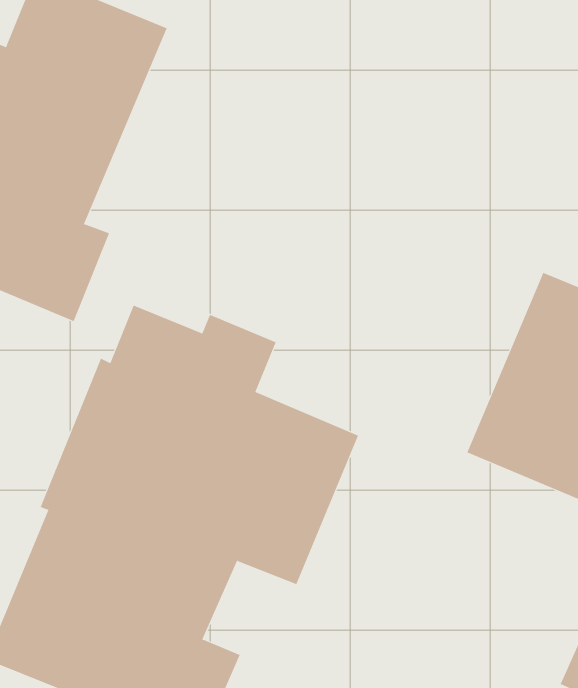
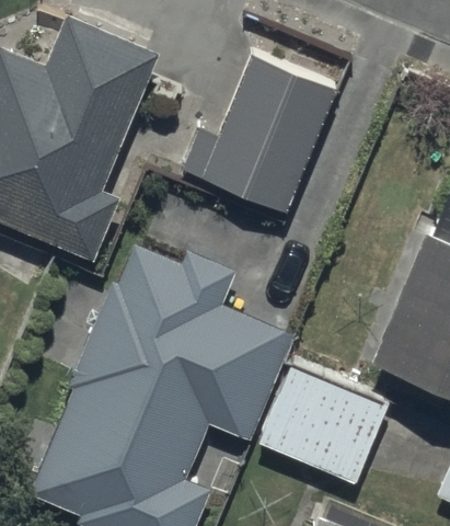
building: none -> [181,56,334,211]
building: none -> [257,368,386,485]

